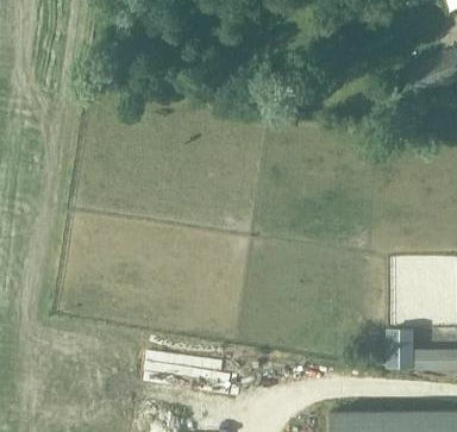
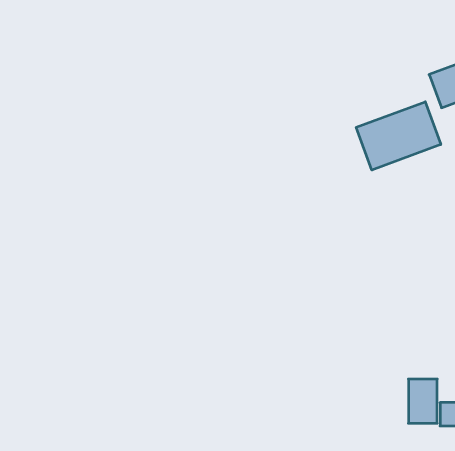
building: none -> [356,102,441,170]

